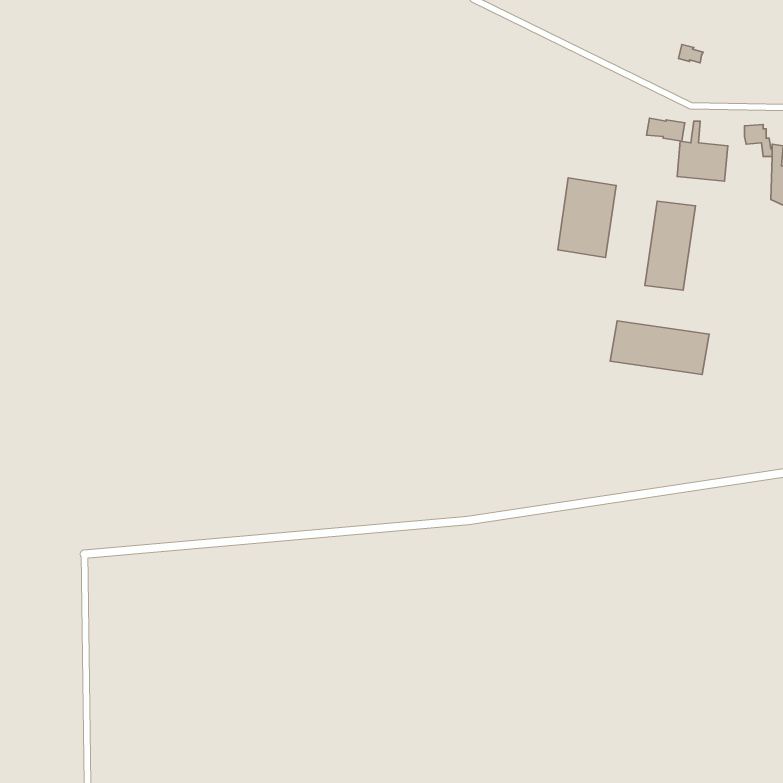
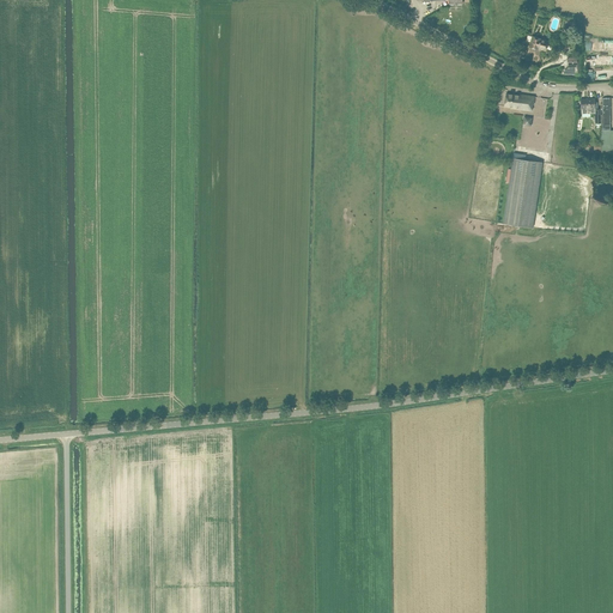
building: [558,178,616,258] -> none
building: [610,321,709,375] -> none

